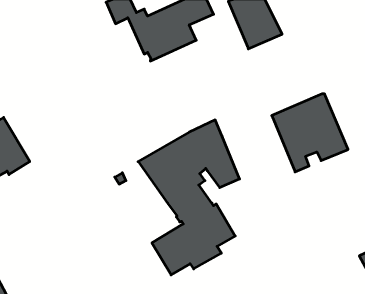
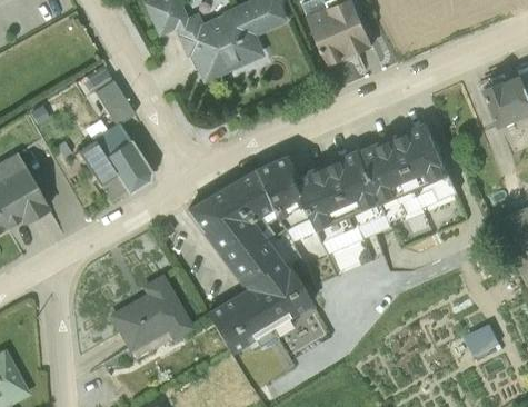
building: none -> [77,81,151,200]
building: none -> [296,150,391,255]
building: none -> [111,277,191,359]

